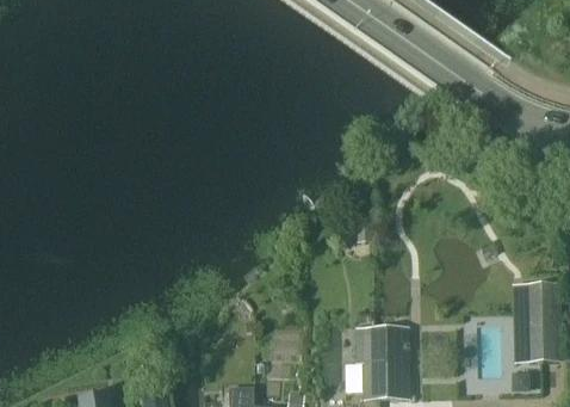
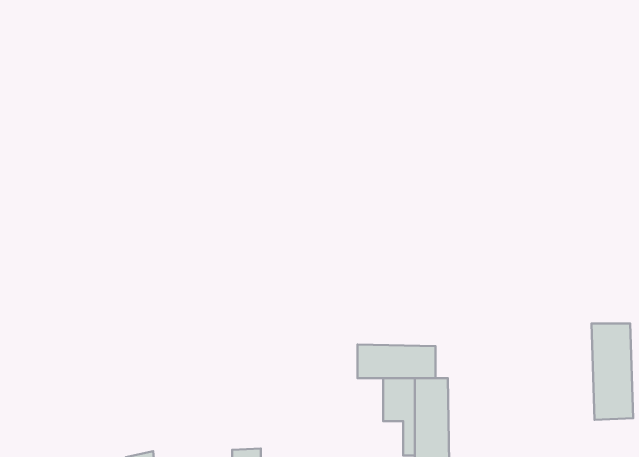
building: none -> [358,345,436,378]

